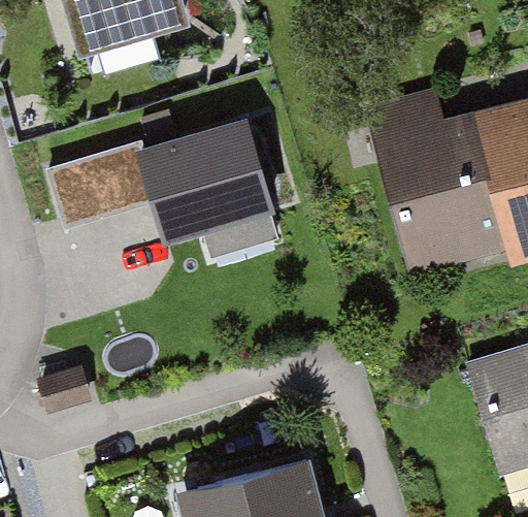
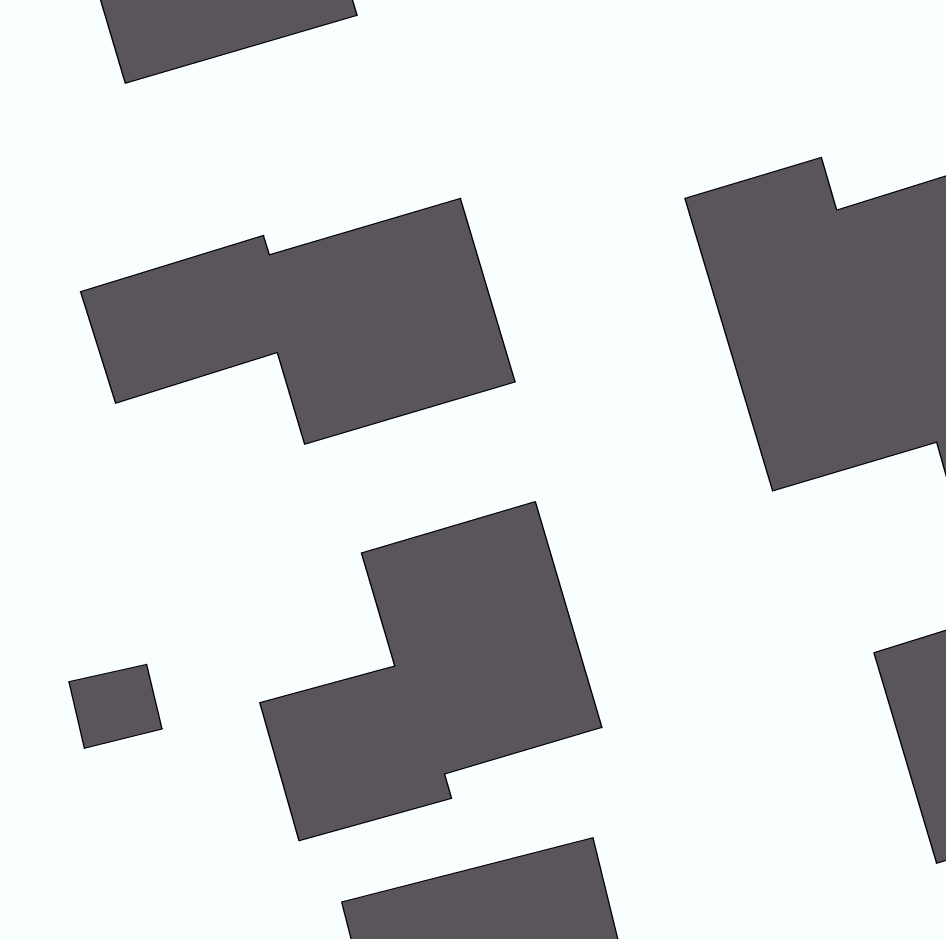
building: none -> [260,502,602,841]

